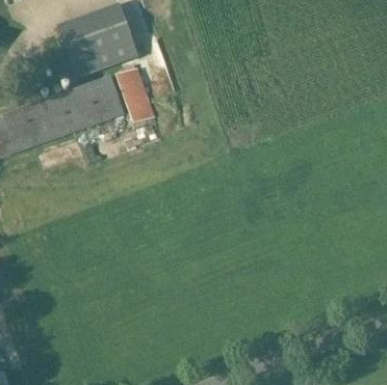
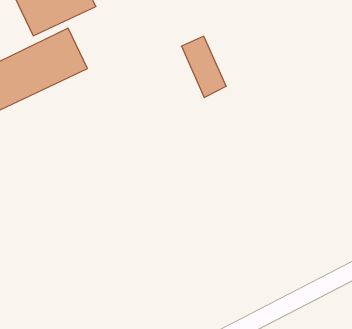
building: [117,65,155,122] -> [181,36,226,97]

